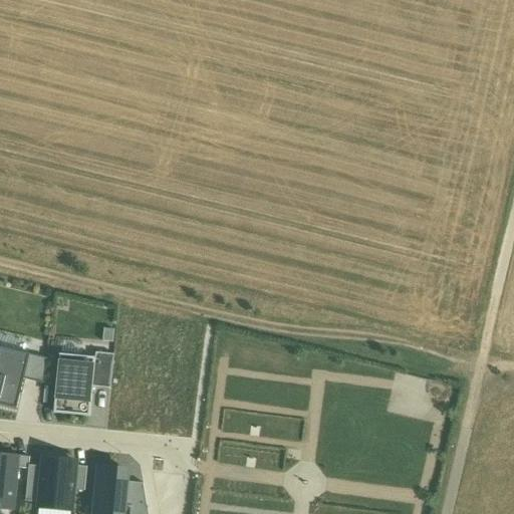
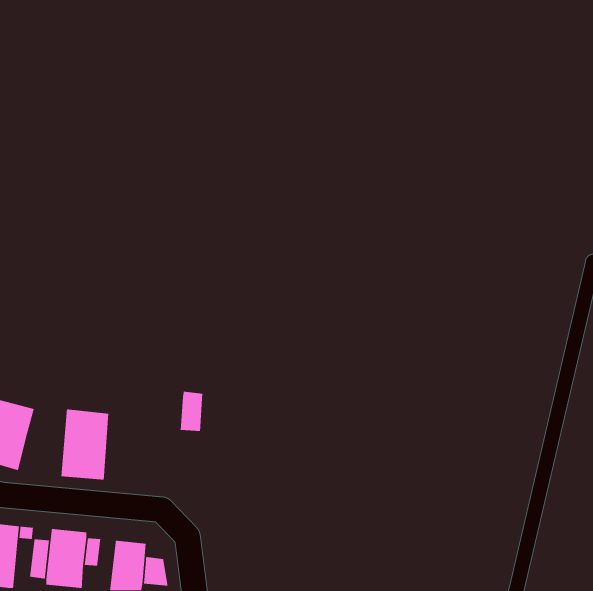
building: [92,351,112,387] -> [180,391,203,432]
building: [23,352,46,381] -> none

